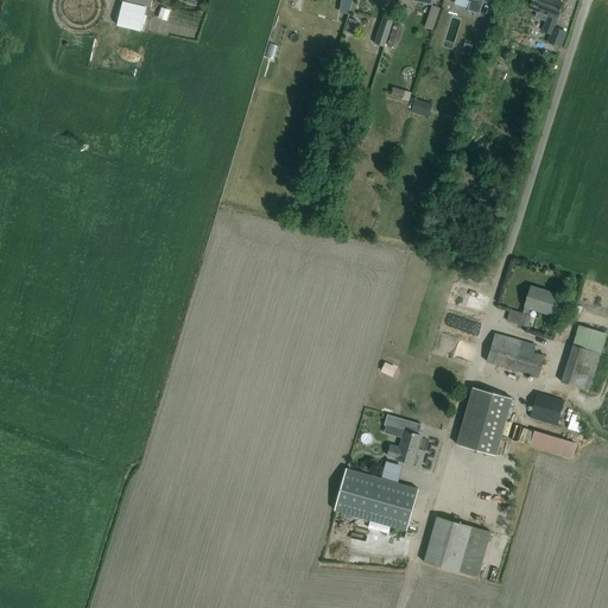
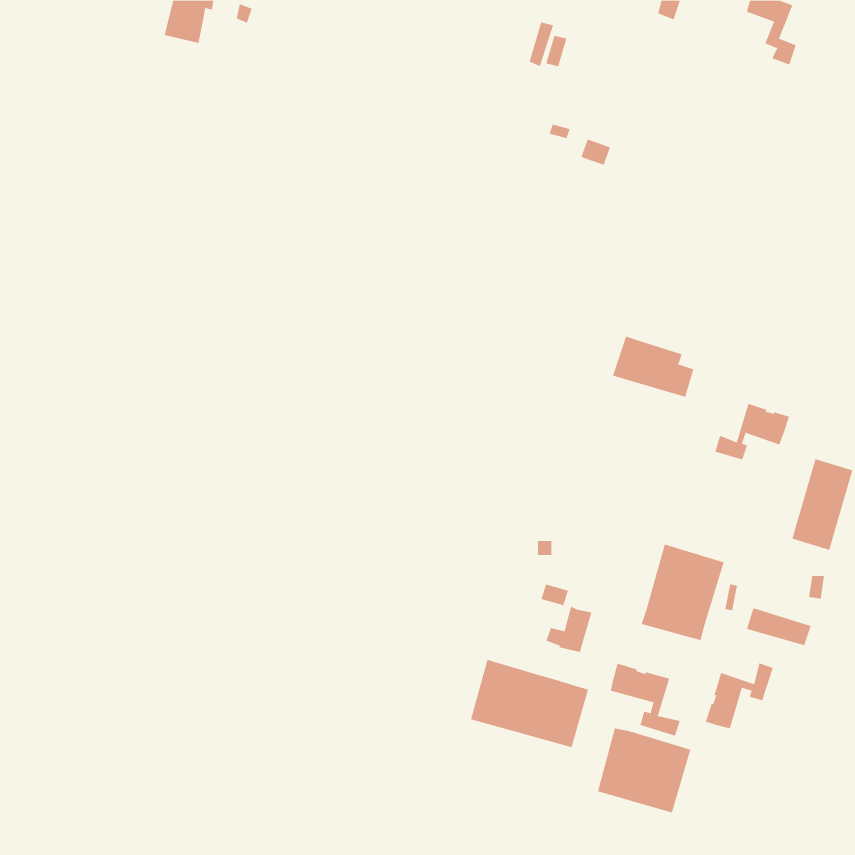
building: [486,332,544,376] -> [612,336,694,398]
building: [528,393,564,426] -> none
building: none -> [705,663,774,729]
building: none -> [610,663,680,737]

